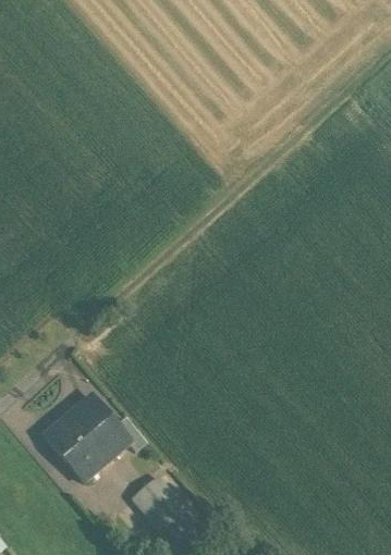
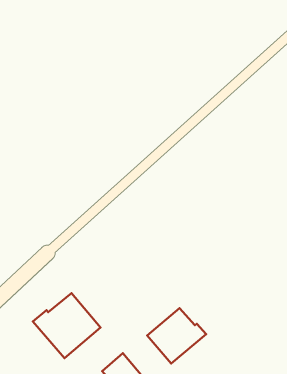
building: none -> [147,308,206,364]

